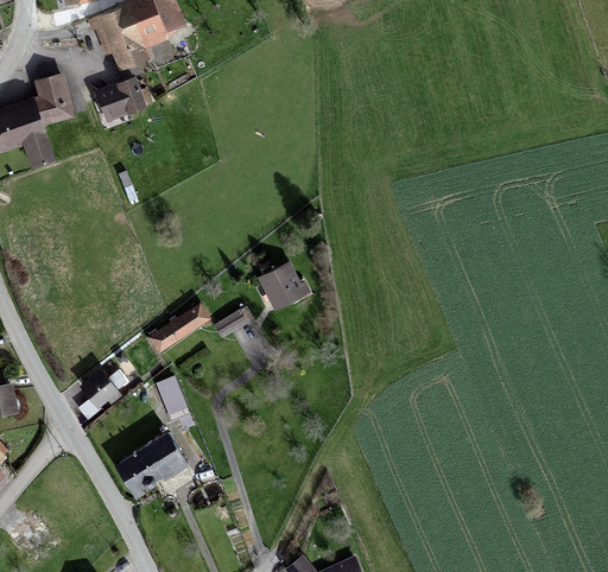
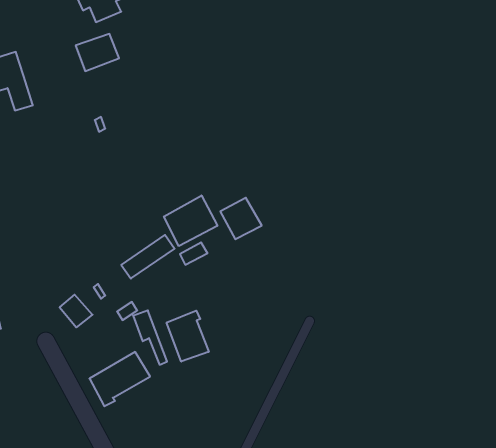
building: [32,72,75,126] -> none
building: none -> [164,195,217,246]
building: none -> [167,311,209,362]

